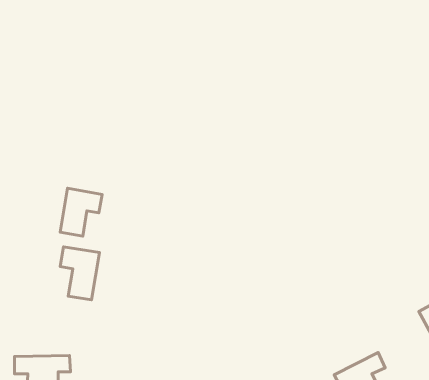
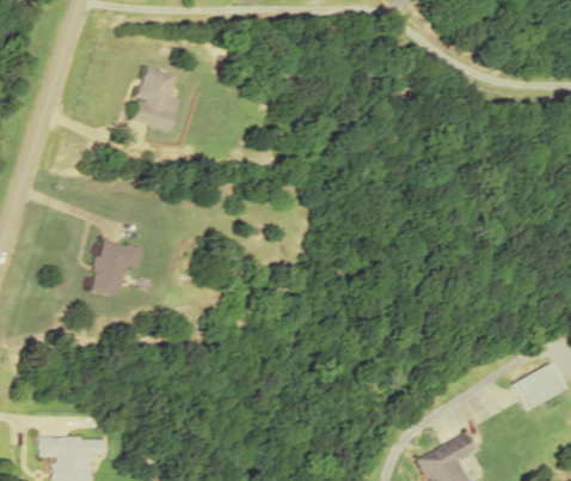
building: none -> [131,67,177,132]
building: [60,247,99,300] -> none

